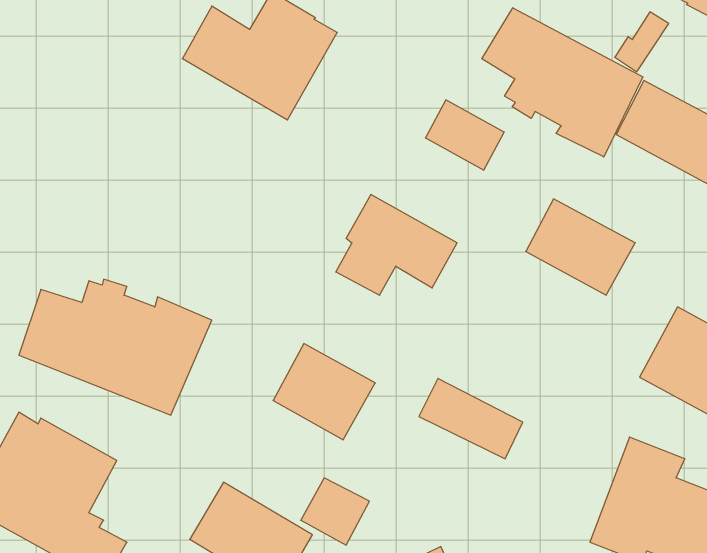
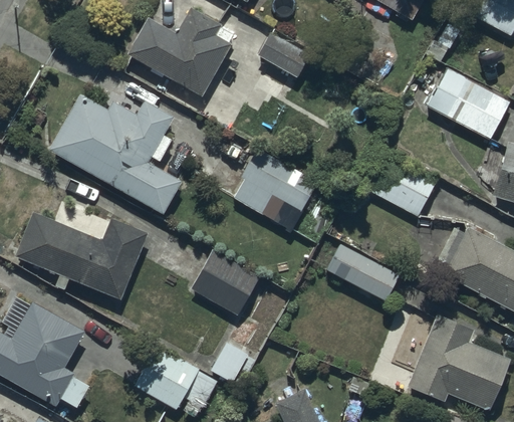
building: [482,8,643,157] -> none
building: [425,100,504,170] -> [259,30,313,78]
building: none -> [50,95,182,212]
building: [419,378,523,459] -> [327,245,399,300]

